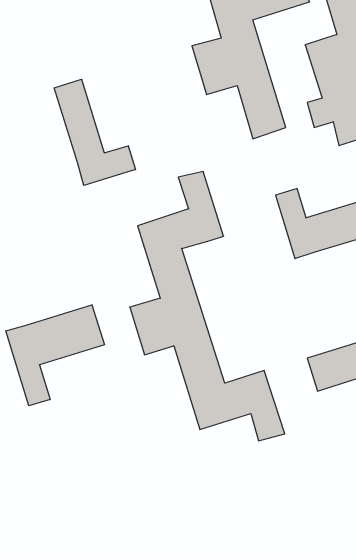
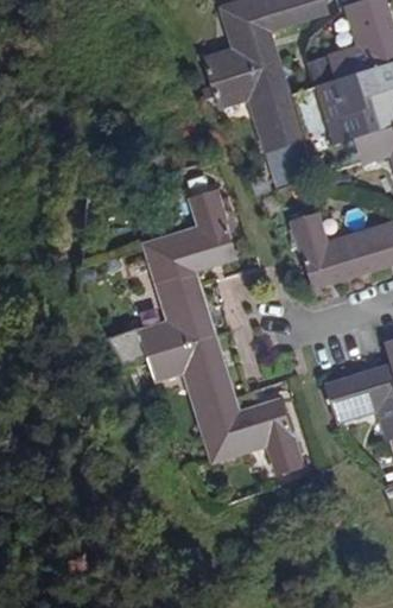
building: [54,79,135,185] -> none
building: [6,305,104,406] -> none

